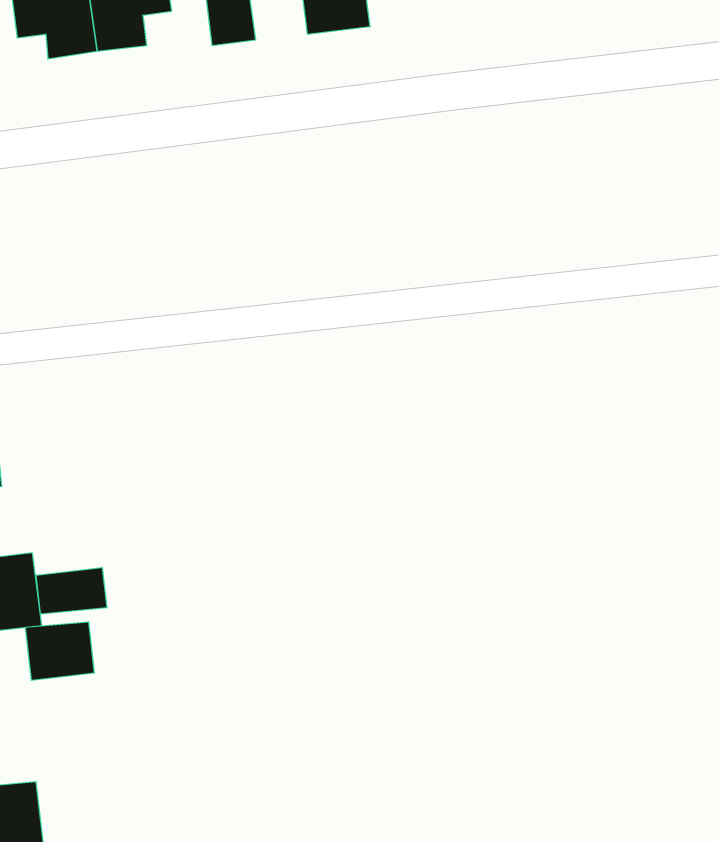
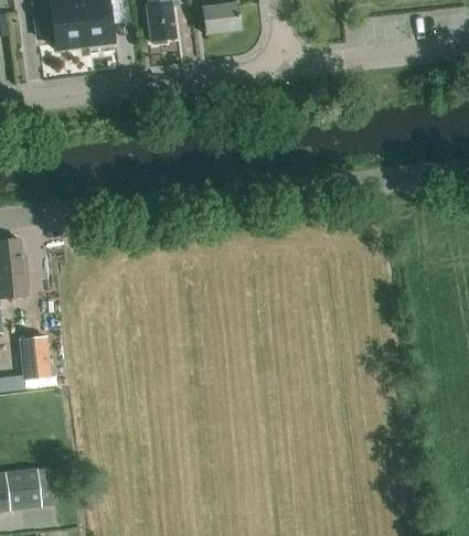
building: [36,567,107,614] -> none
building: [26,622,94,680] -> none

